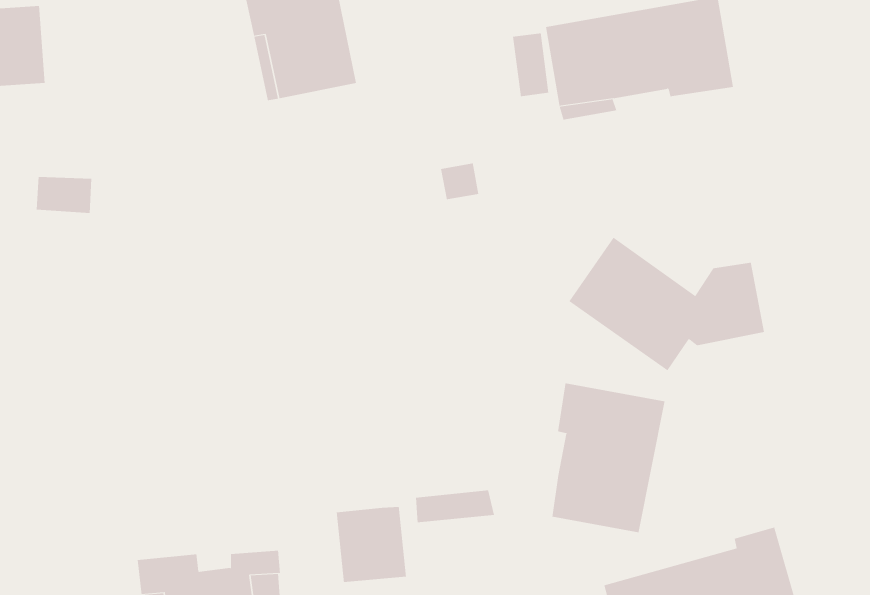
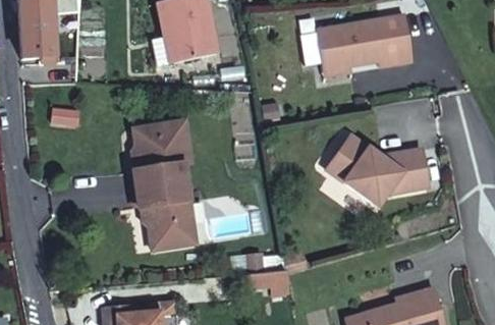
building: none -> [134,123,197,249]
building: [552,382,665,533] -> none
building: [336,506,406,583] -> none

